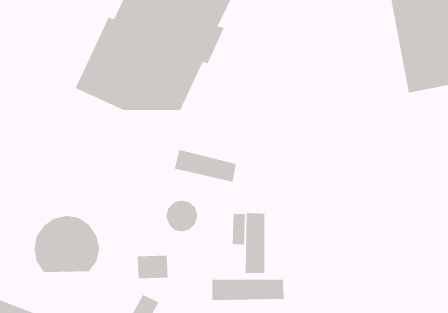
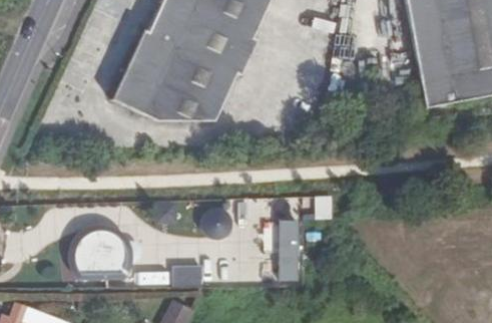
building: [174,149,237,183] -> none
building: [212,279,284,301] -> none

